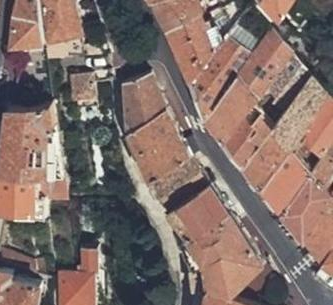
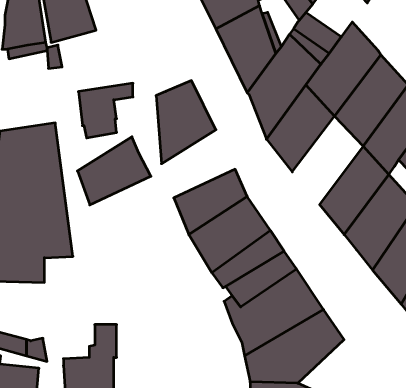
building: [224,98,276,163] -> none
building: [128,108,182,158] -> [77,137,151,205]

